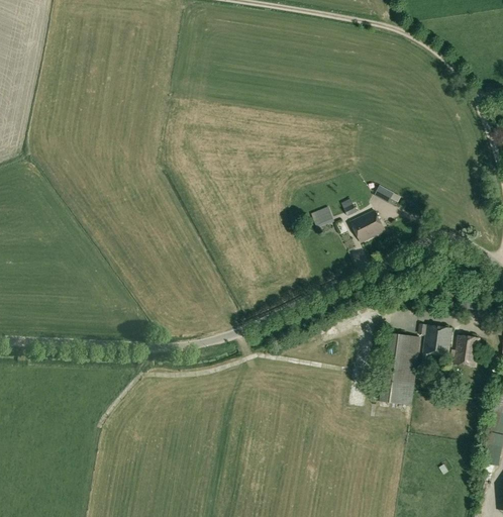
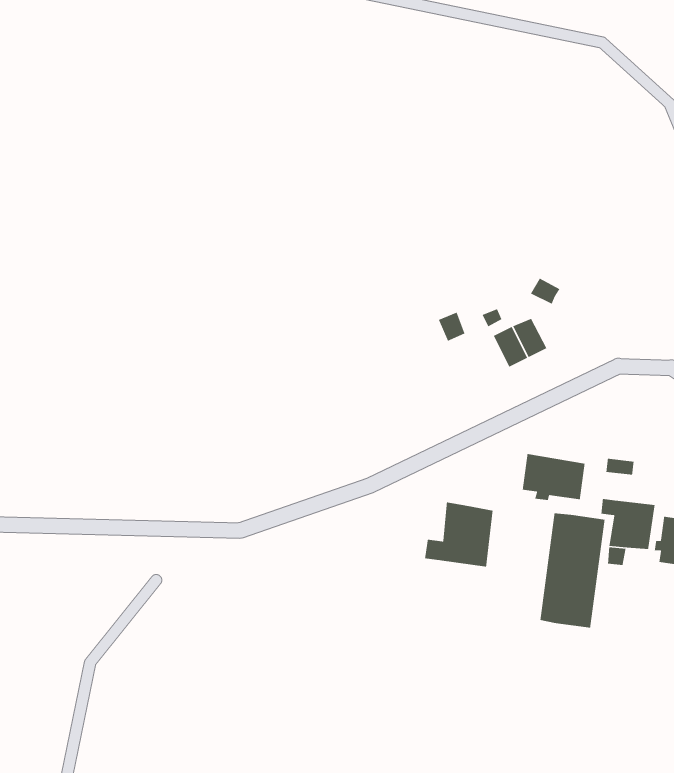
building: none -> [522,453,586,501]
building: none -> [424,502,493,567]

